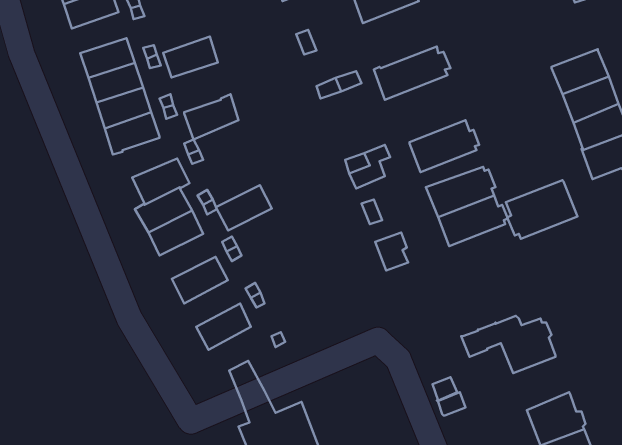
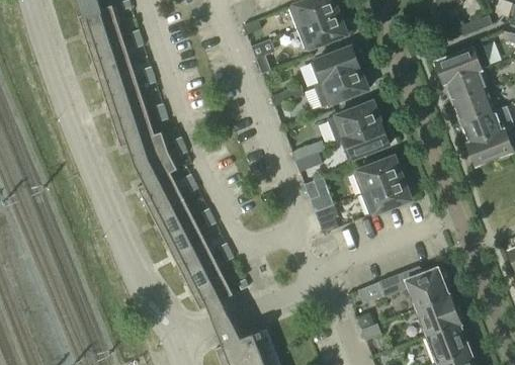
building: none -> [436,44,490,85]
building: none -> [310,47,360,84]
building: [163,36,218,77] -> [90,42,131,73]
building: none -> [327,101,382,142]
building: [184,94,239,139] -> [127,131,168,165]
building: [506,180,578,239] -> none
building: [216,185,272,230] -> [155,206,196,240]
building: none -> [173,241,214,275]
building: none -> [191,275,233,310]
building: none -> [417,295,461,337]

